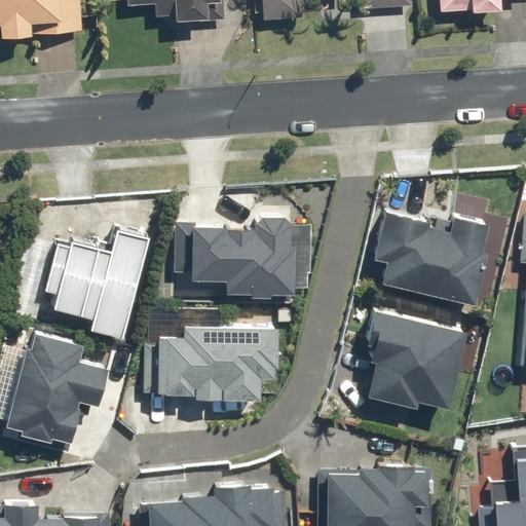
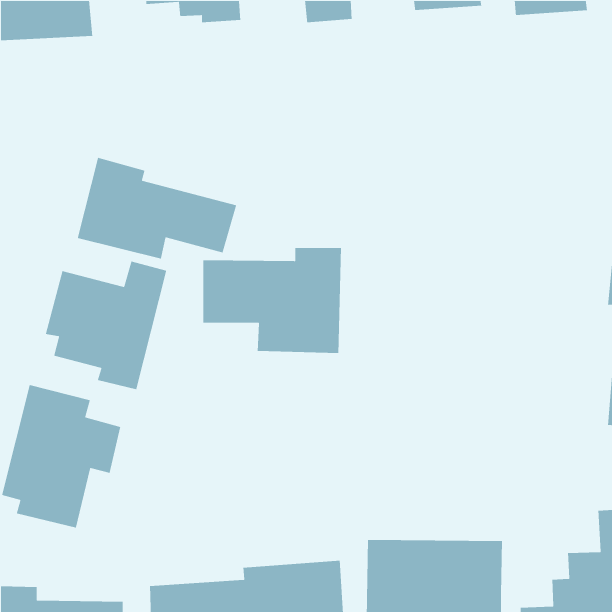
building: none -> [77,157,237,260]
building: [373,211,489,306] -> none
building: [366,309,467,408] -> none
building: [144,325,278,400] -> none

